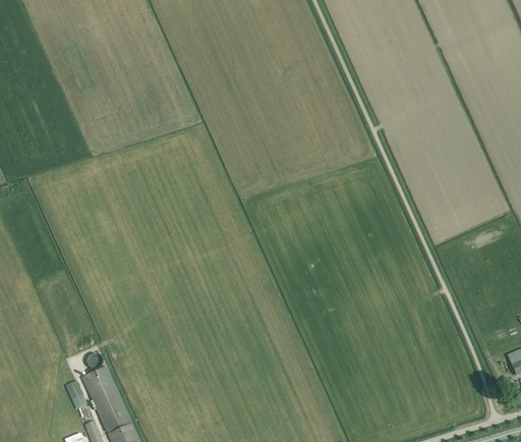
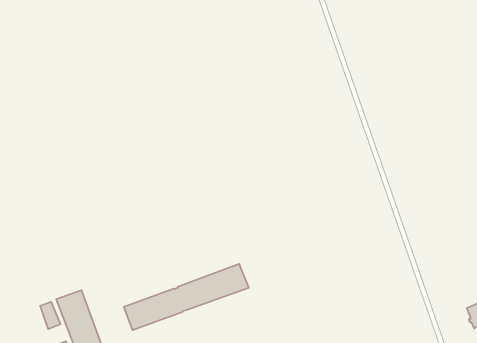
building: none -> [124,264,249,330]

